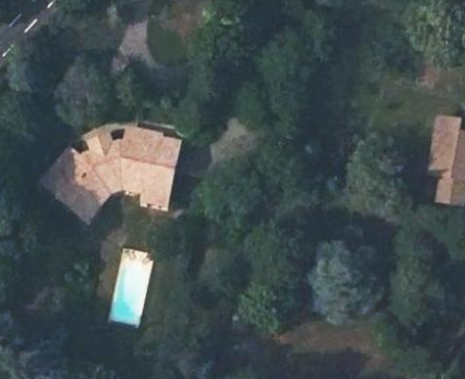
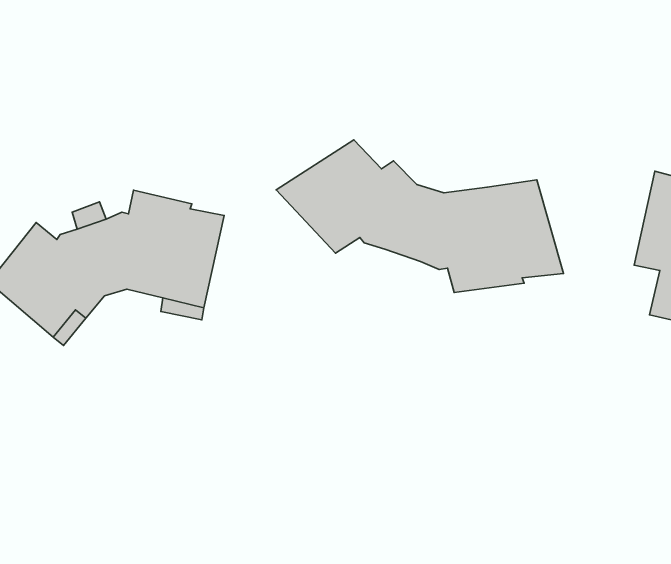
building: none -> [276,140,563,293]

